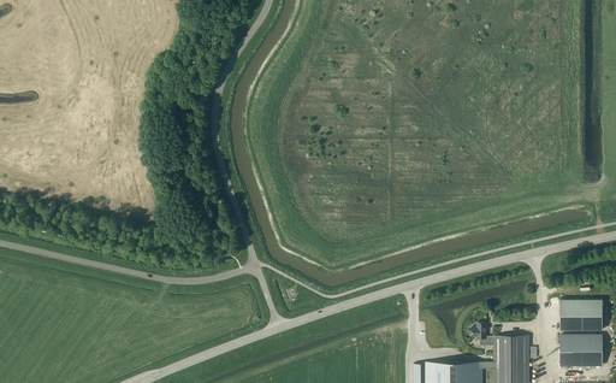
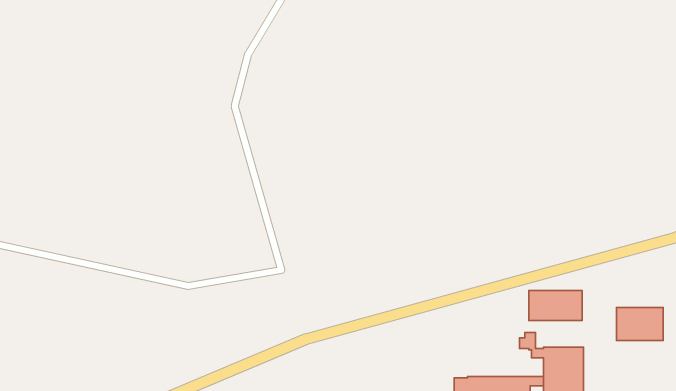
building: none -> [529,290,582,321]
building: [562,336,603,366] -> none

